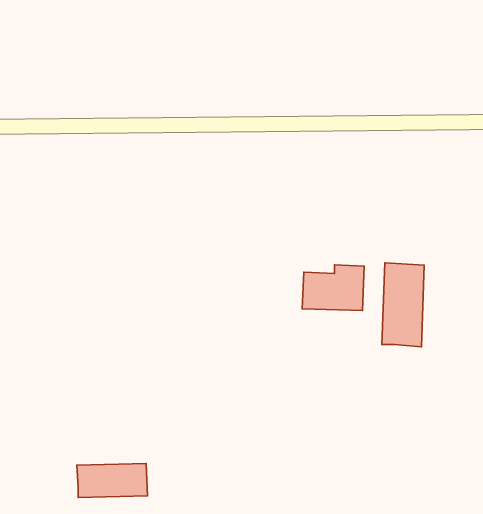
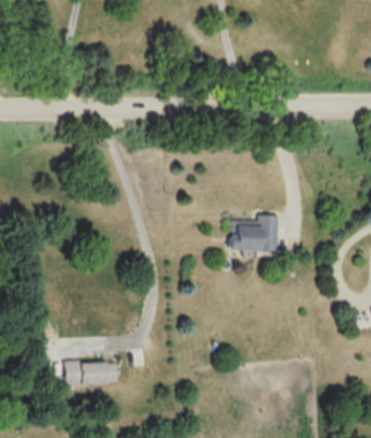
building: [382,263,424,347] -> none

